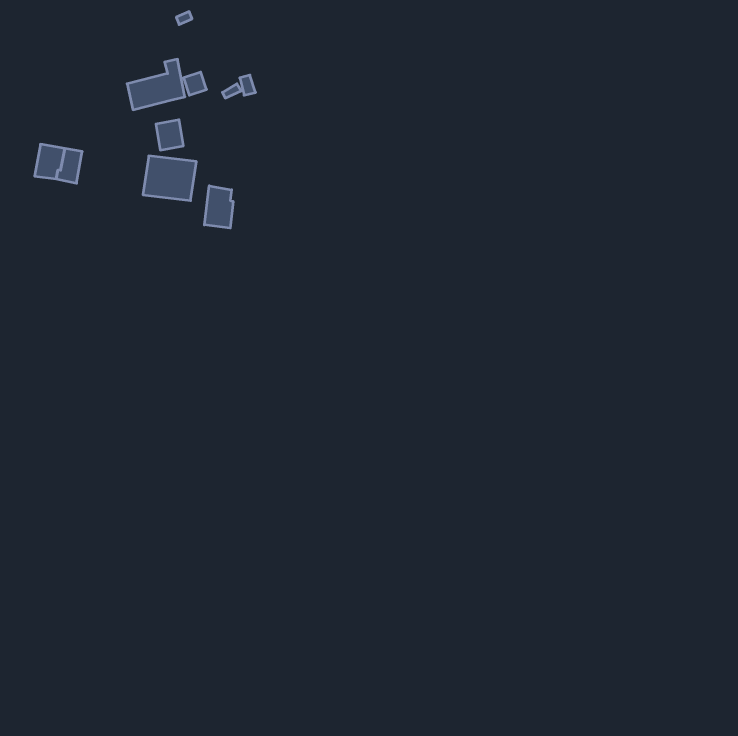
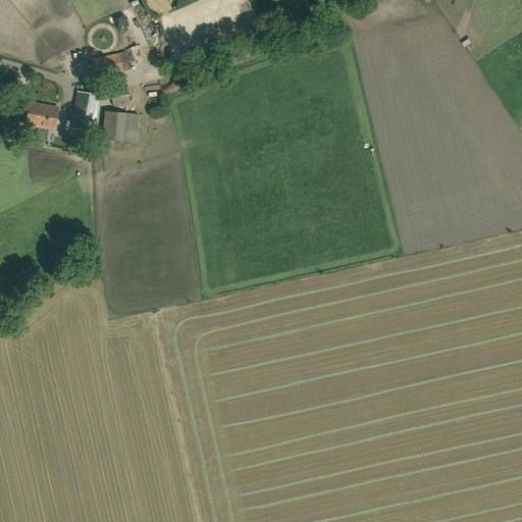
building: none -> [71,91,99,130]
building: [204,186,233,228] -> none

